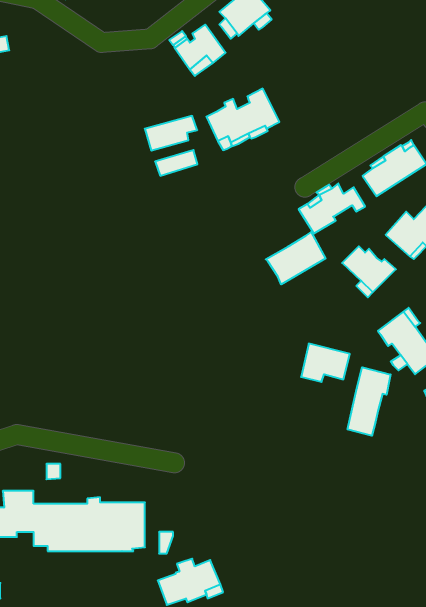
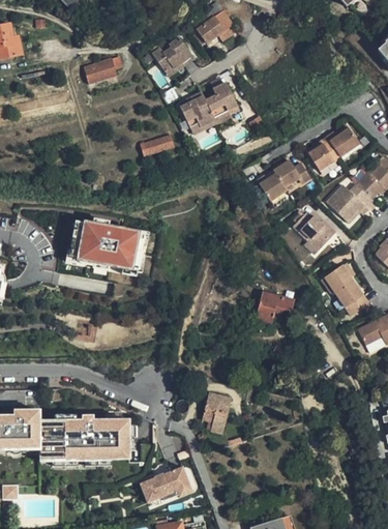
building: [145,116,197,151] -> [81,55,123,83]
building: [266,232,326,284] -> none
building: none -> [72,217,148,276]
building: [348,367,391,436] -> none
building: none -> [202,391,231,433]

